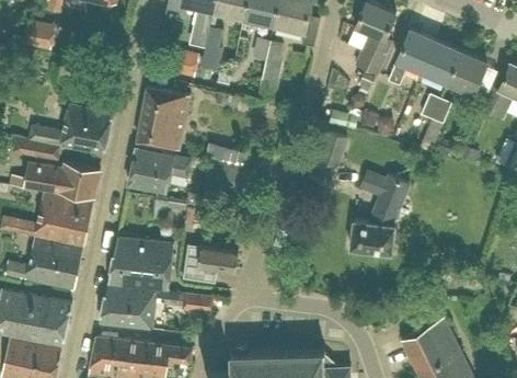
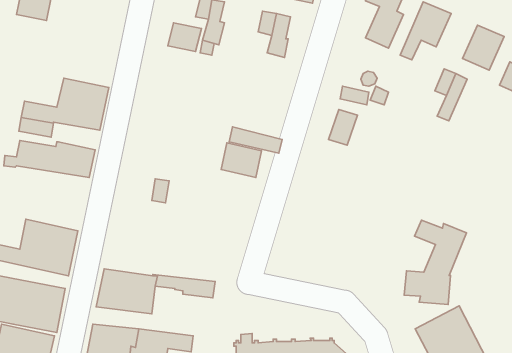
building: [421,42,460,84] -> none
building: [136,87,188,149] -> none
building: [126,147,189,192] -> none
building: [349,172,409,252] -> [404,220,467,304]
building: [32,193,91,244] -> none
building: [106,234,173,288] -> none
building: [182,244,238,283] -> none

